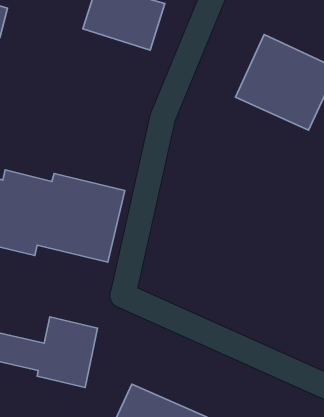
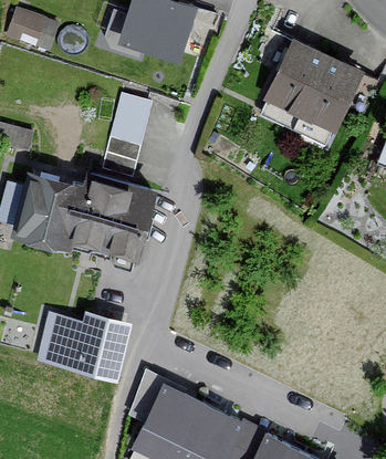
building: none -> [101,94,152,176]

